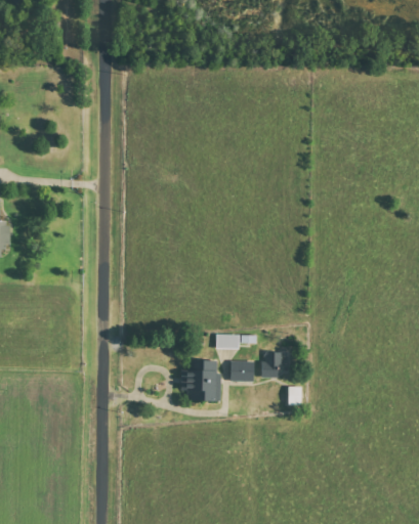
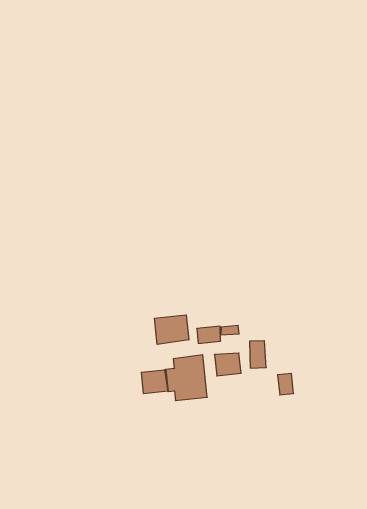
building: none -> [155,315,189,344]
building: none -> [141,370,168,394]

